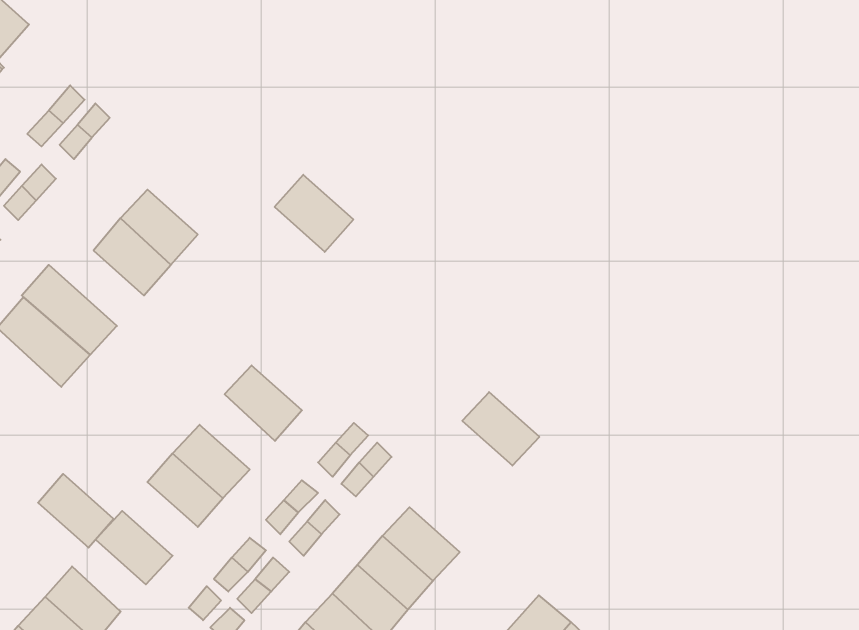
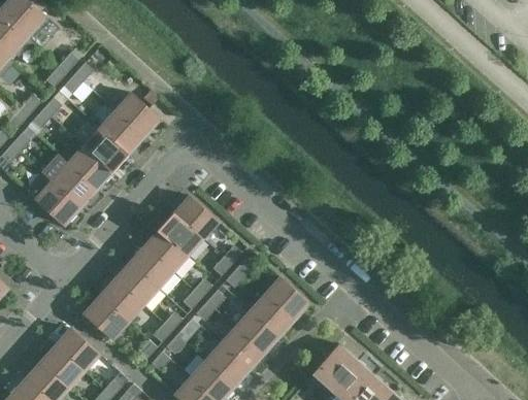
building: [275,175,353,252] -> [113,93,159,137]
building: none -> [66,146,111,190]
building: none -> [173,196,218,238]
building: [462,392,539,466] -> [264,277,308,320]
building: none -> [143,229,187,272]
building: [38,474,114,548] -> [99,279,142,322]

